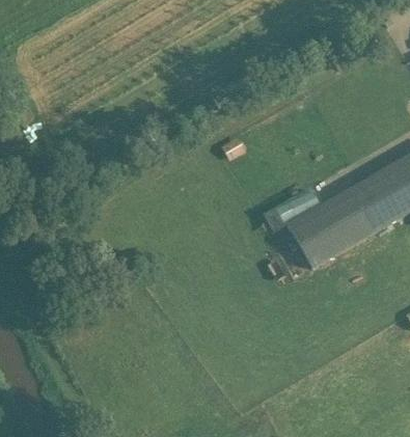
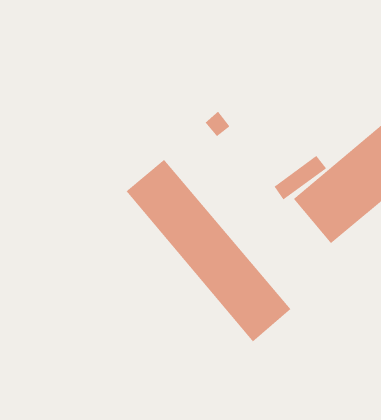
building: none -> [126,159,292,343]

